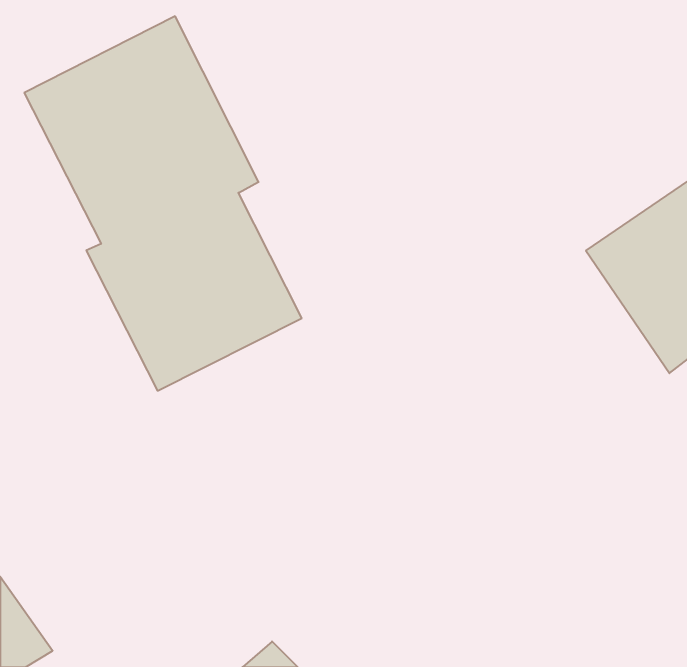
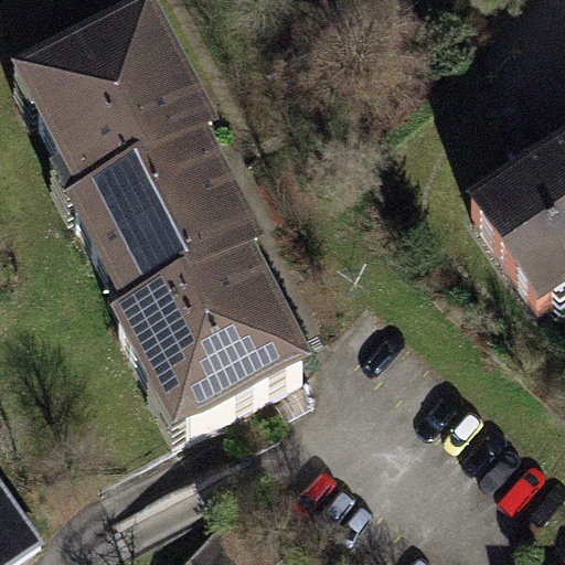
building: none -> [122,260,307,439]

